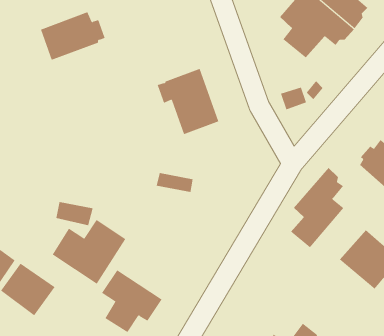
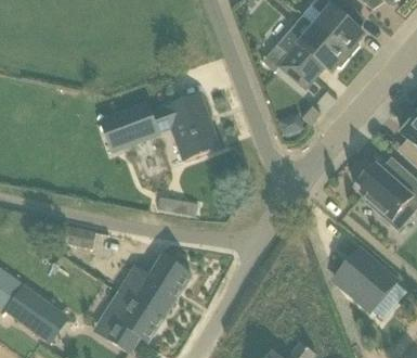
building: [40,12,106,60] -> [100,102,164,150]
building: [290,167,344,248] -> none
building: [52,219,126,285] -> [118,255,191,319]

